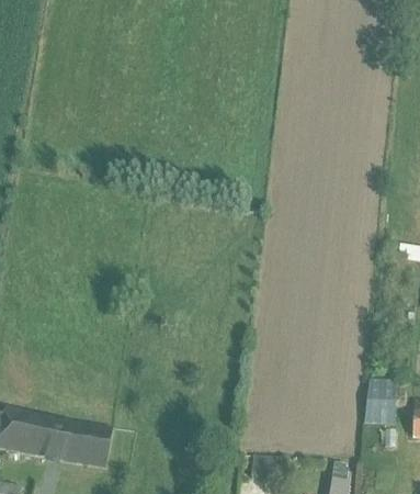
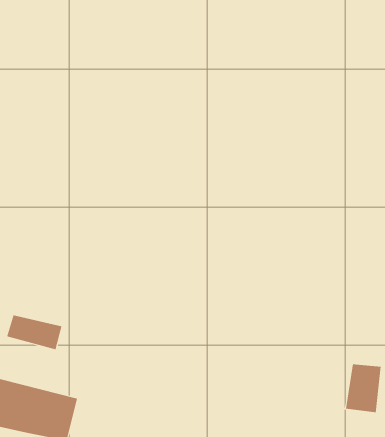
building: none -> [6,314,62,350]

